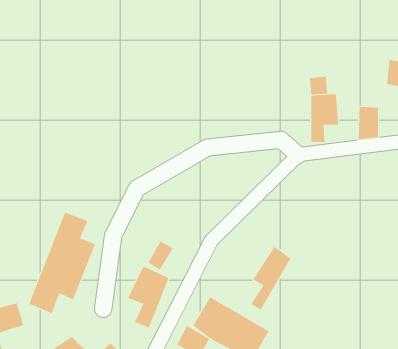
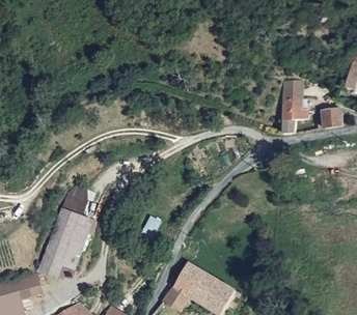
building: [251,246,291,310] -> none
building: [127,266,169,328] -> none

